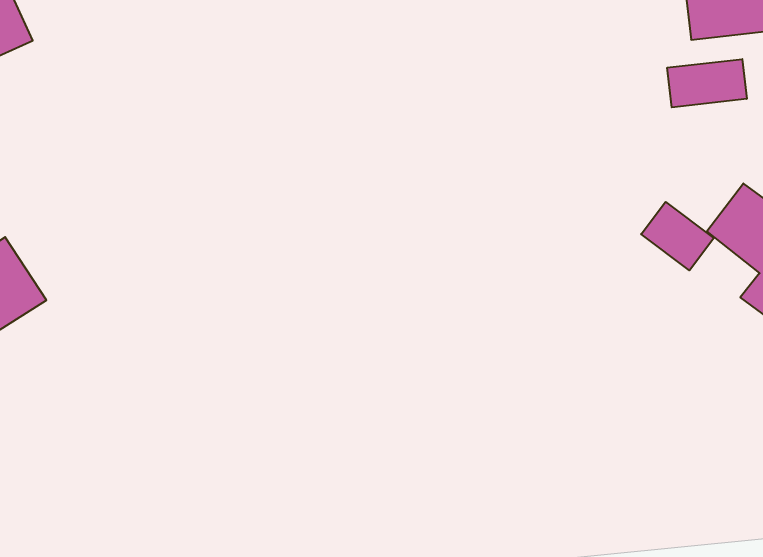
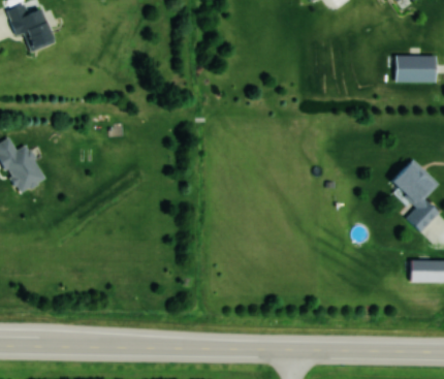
building: [667,59,747,107] -> none
building: [641,202,714,270] -> none

